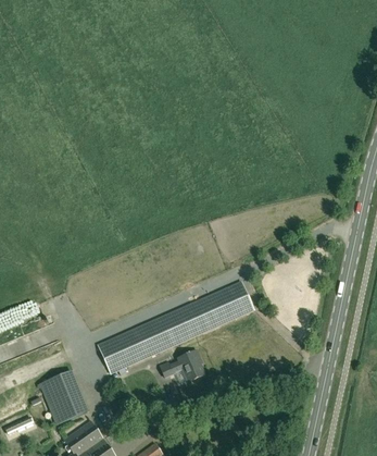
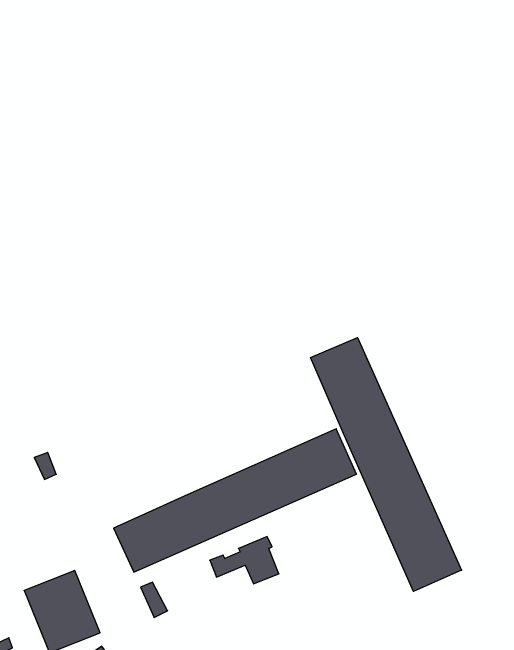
building: none -> [311,338,462,591]

